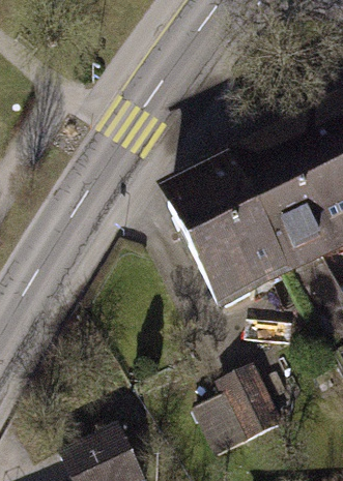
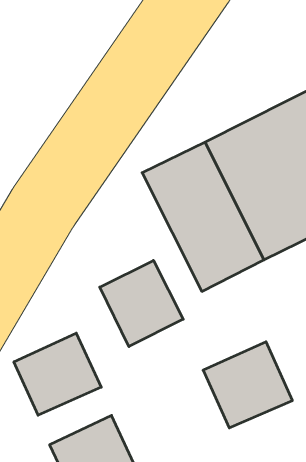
building: none -> [100,260,183,347]
building: none -> [14,333,101,415]

